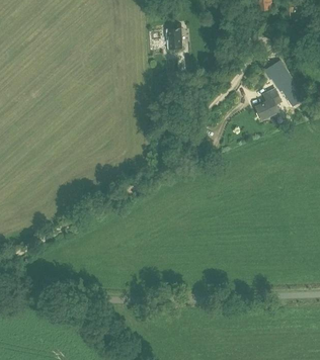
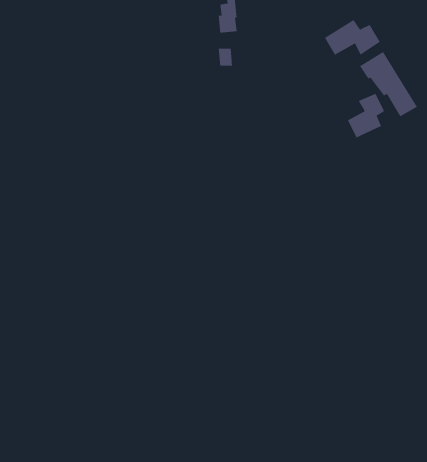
building: none -> [324,19,380,55]

